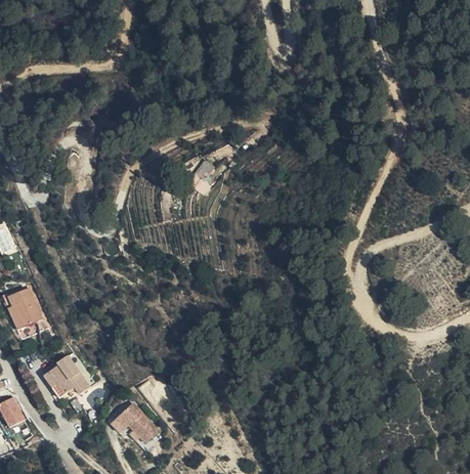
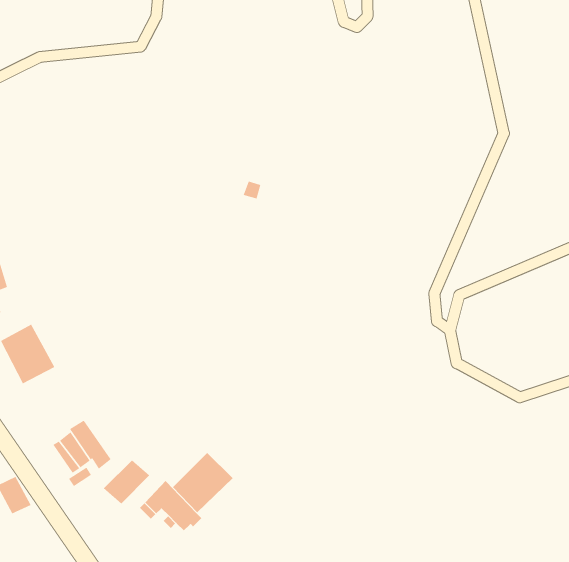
building: none -> [172,452,233,513]
building: none -> [103,459,150,505]

